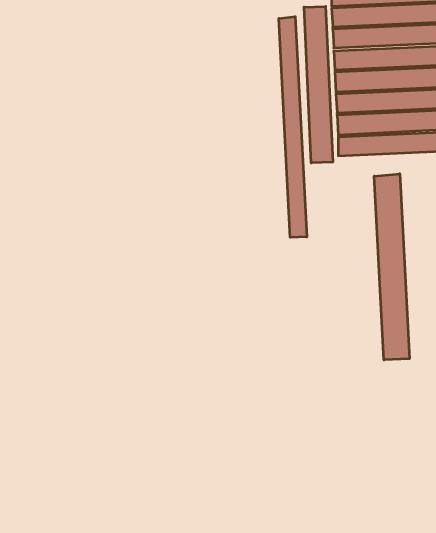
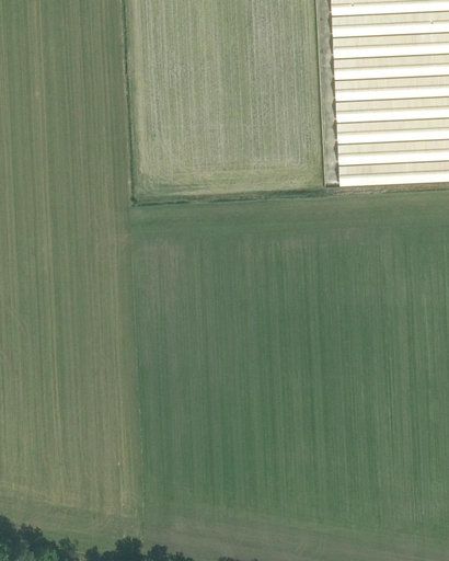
building: [304,6,333,163] -> none
building: [279,17,307,237] -> none
building: [374,174,409,360] -> none

